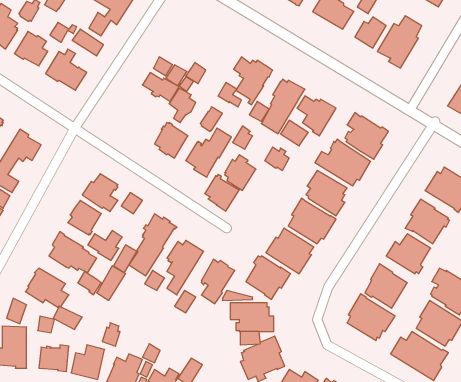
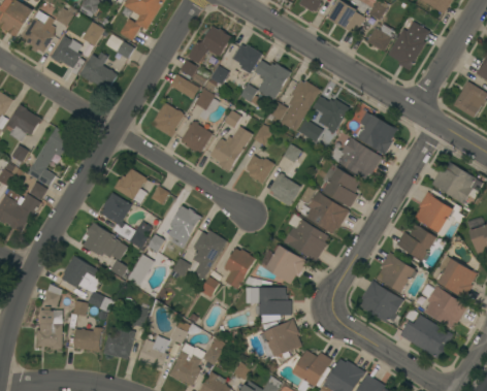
building: none -> [187,26,231,64]
building: none -> [231,44,262,73]
building: none -> [154,102,184,136]
building: [205,174,239,211] -> [268,172,300,206]

